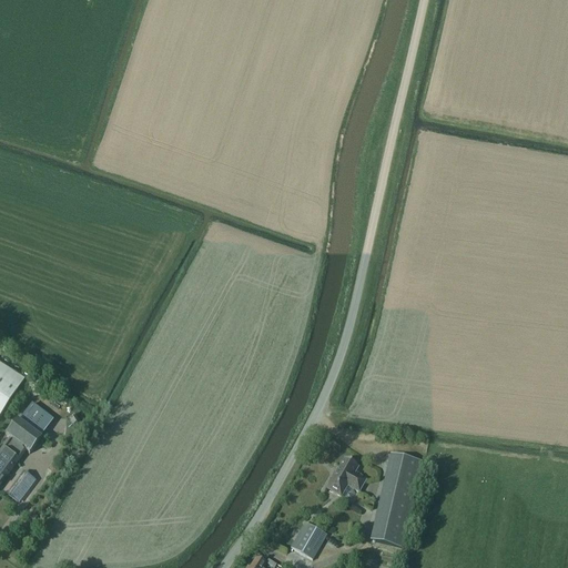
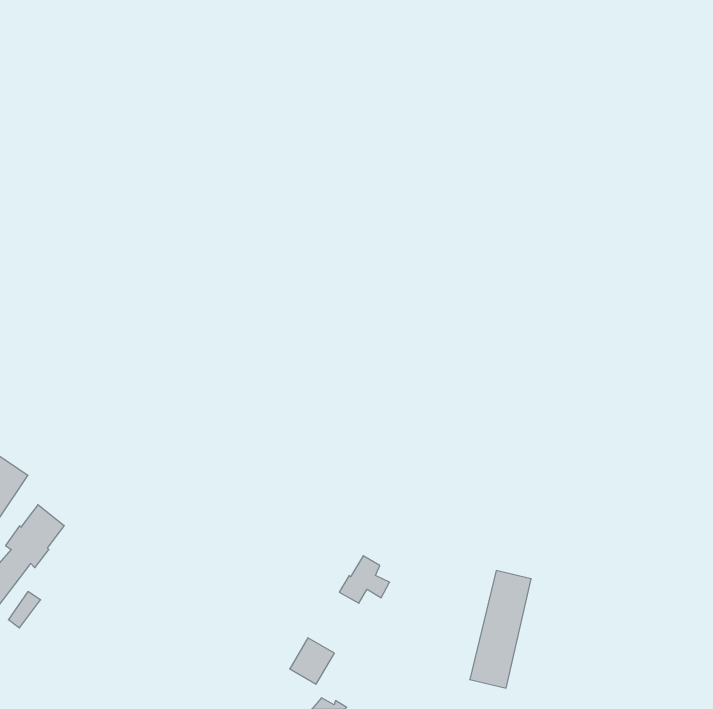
building: [324,456,364,494] -> [339,556,390,603]
building: [290,520,325,557] -> [290,638,334,684]

